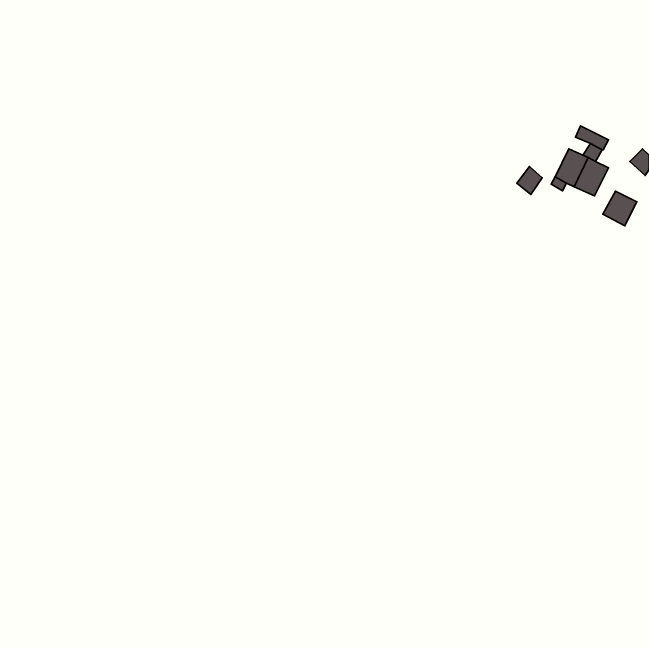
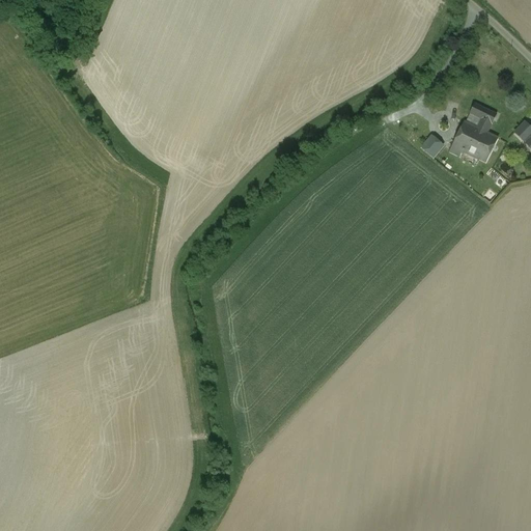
building: [603,191,637,226] -> none

